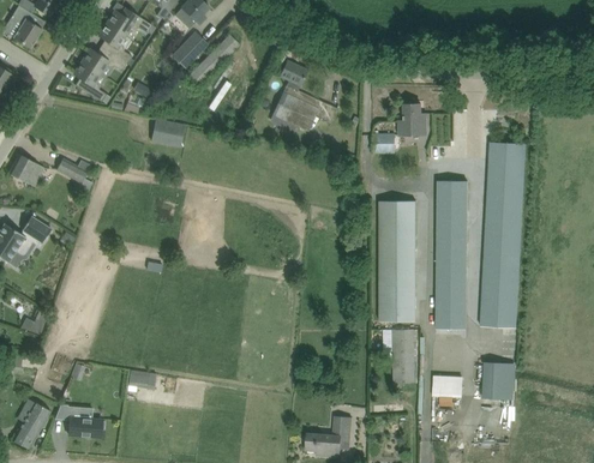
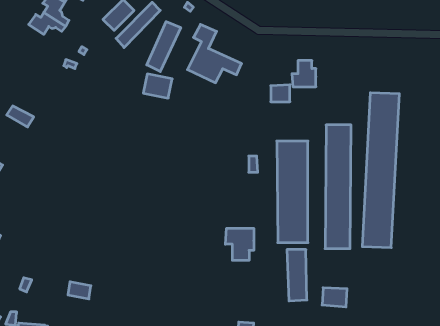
building: none -> [147,22,181,72]
building: [73,61,106,102] -> none
building: [150,119,185,148] -> [143,74,172,98]
building: none -> [225,228,254,260]
building: [481,362,514,399] -> none

